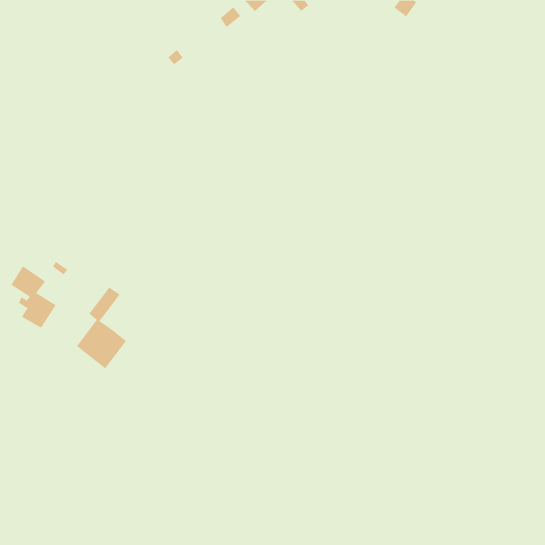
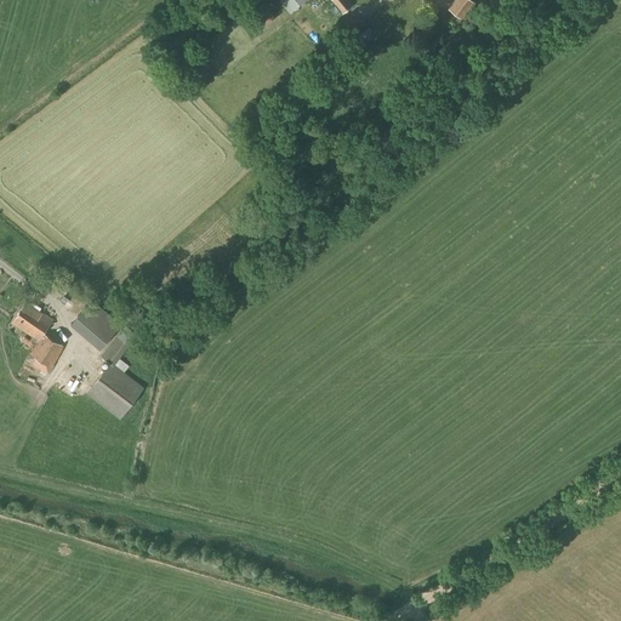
building: none -> [70,300,121,349]

